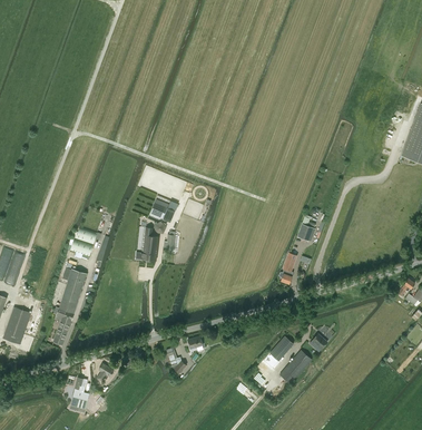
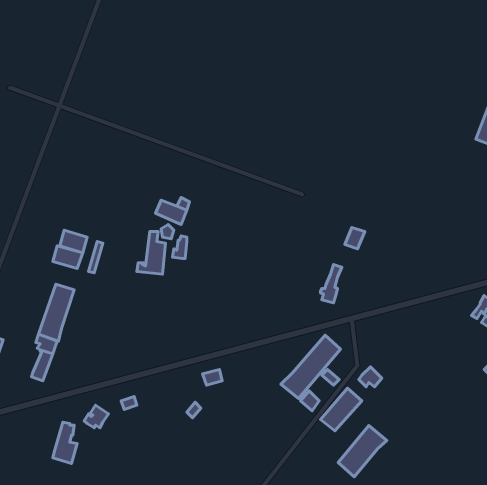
building: none -> [281,335,341,398]
building: none -> [338,426,387,477]

